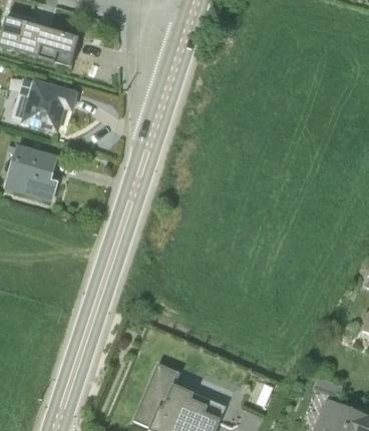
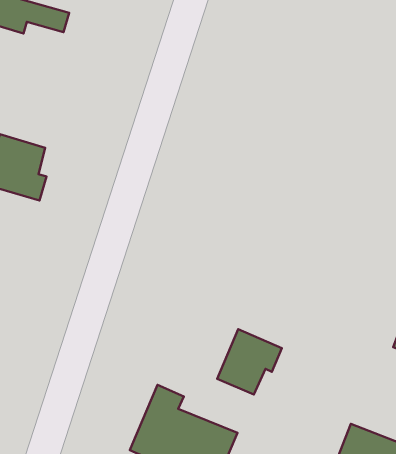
building: [22,78,78,133] -> none
building: none -> [217,329,282,394]

